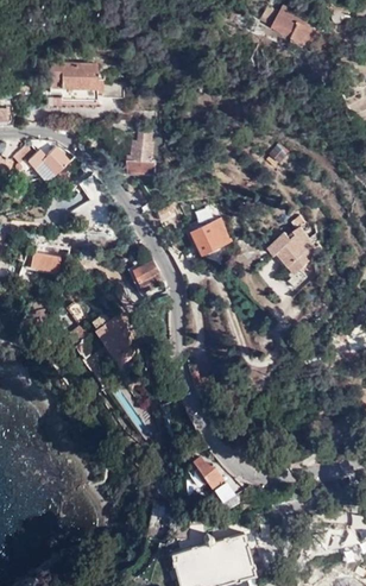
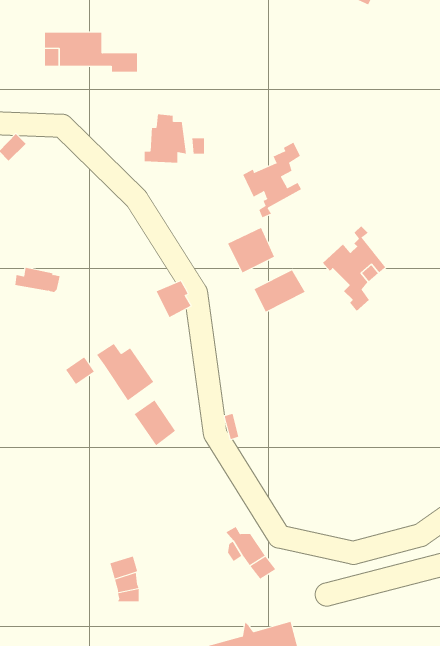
building: [26,146,68,178] -> none
building: none -> [243,142,302,218]
building: none -> [254,269,305,313]
building: none -> [134,400,176,446]

